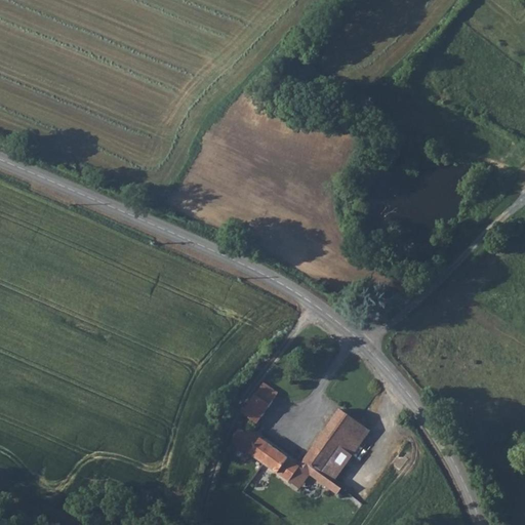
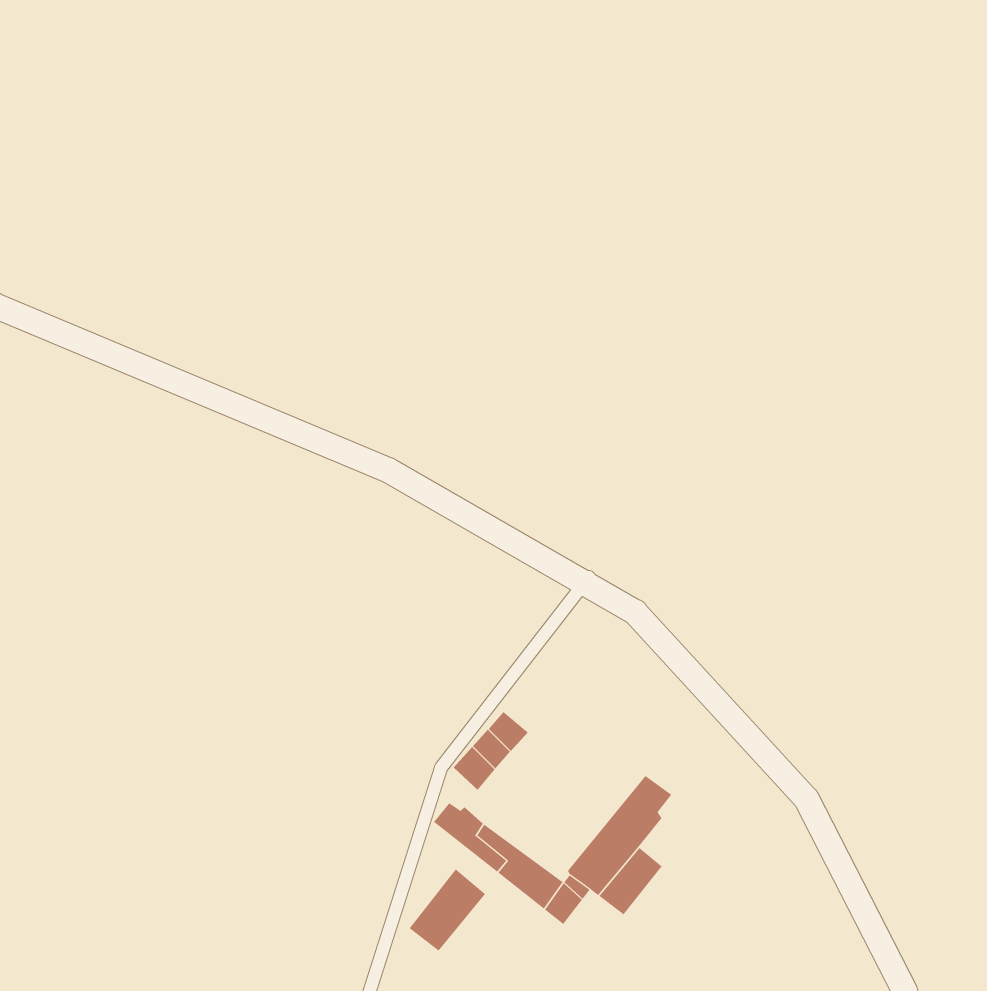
building: [337,420,370,458] -> none
building: none -> [409,868,486,952]

